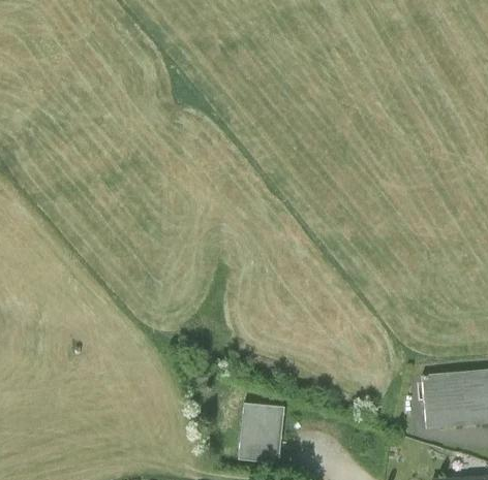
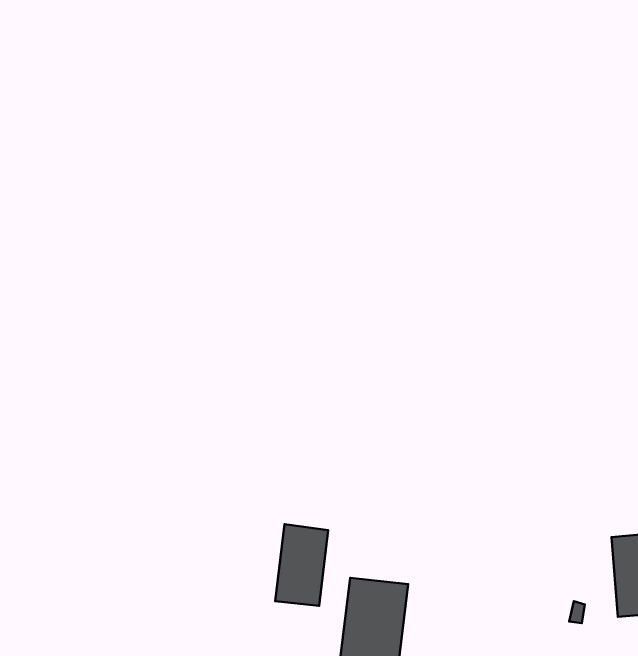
building: none -> [275,524,328,606]

